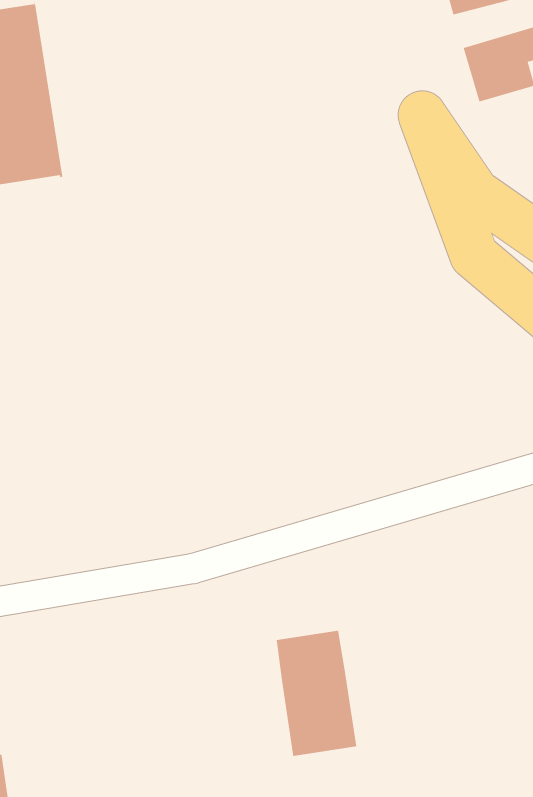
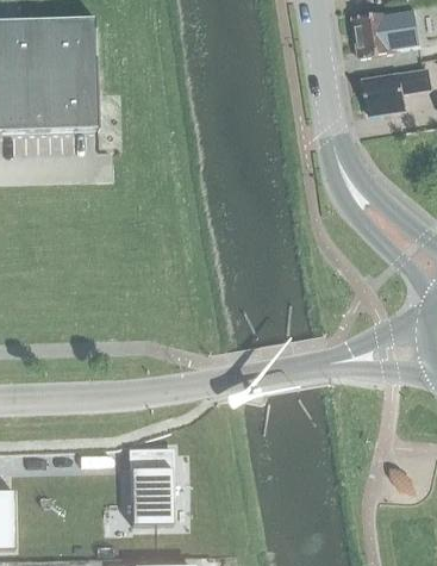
building: [276,630,357,756] -> [130,448,173,524]

